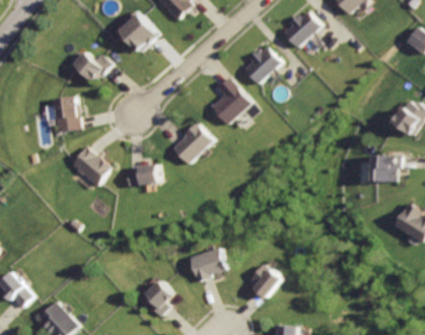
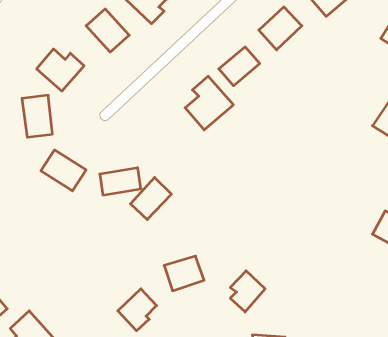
building: [173,124,213,164] -> [130,177,171,220]
building: [368,155,395,184] -> none

